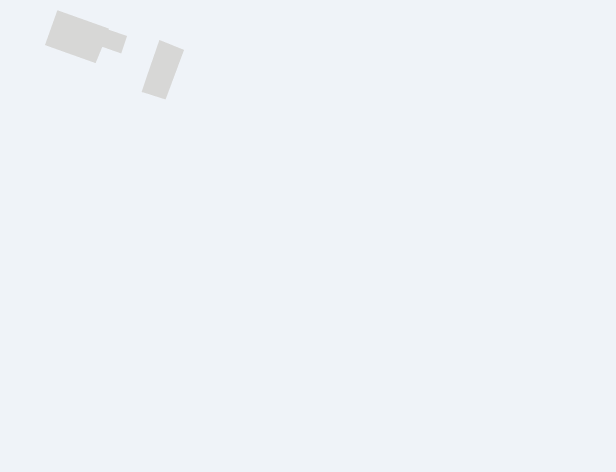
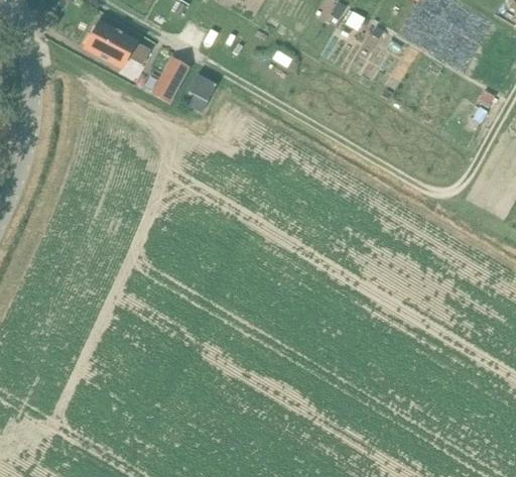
building: none -> [188,74,217,112]

